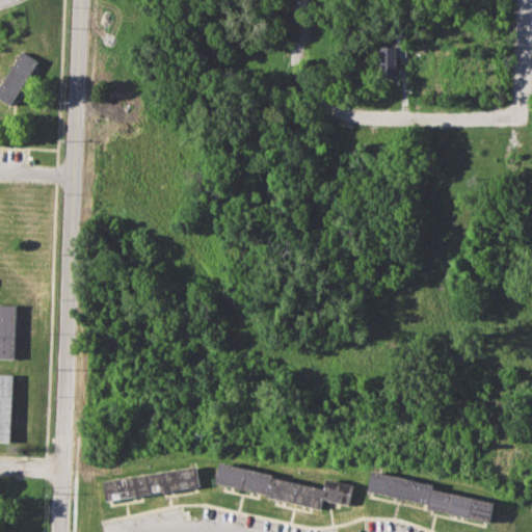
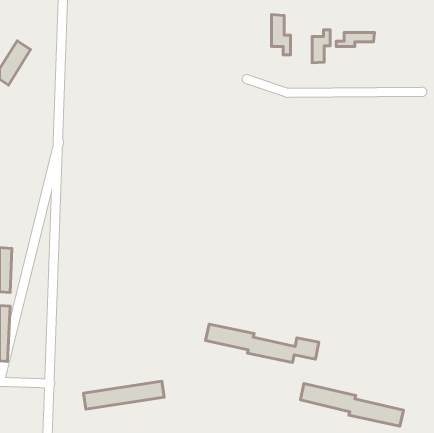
building: none -> [272,15,291,55]
building: none -> [336,33,375,47]
building: [214,463,352,510] -> [206,324,319,363]

